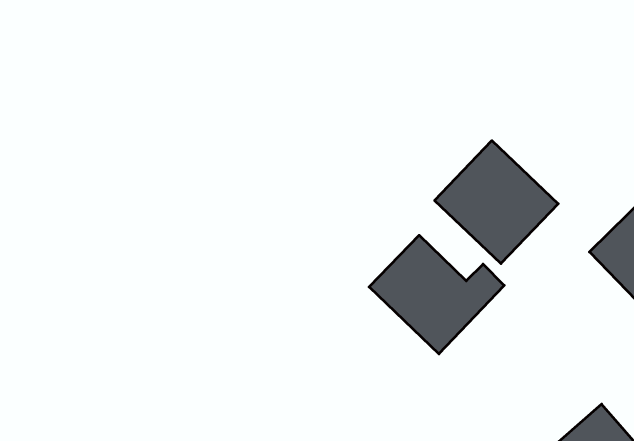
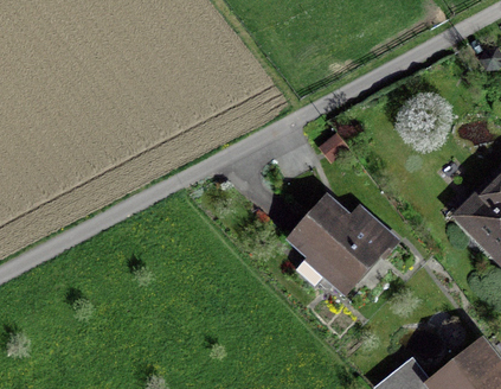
building: [435,141,558,264] -> none

